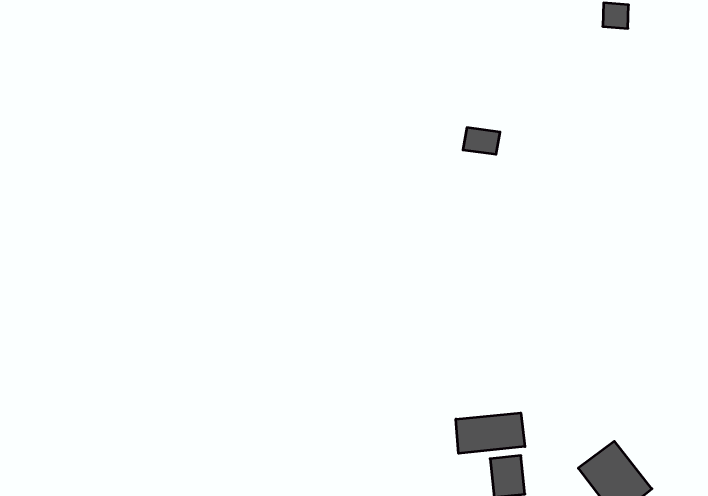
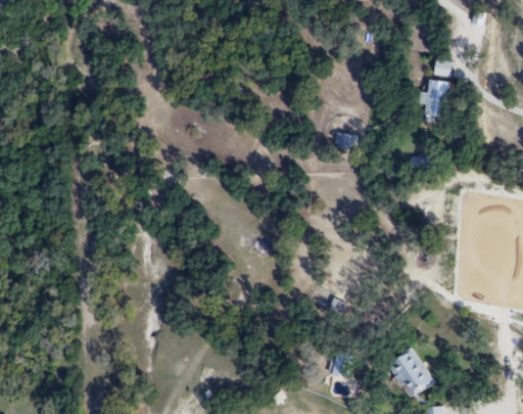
building: none -> [420,79,449,124]
building: [456,413,525,453] -> none

